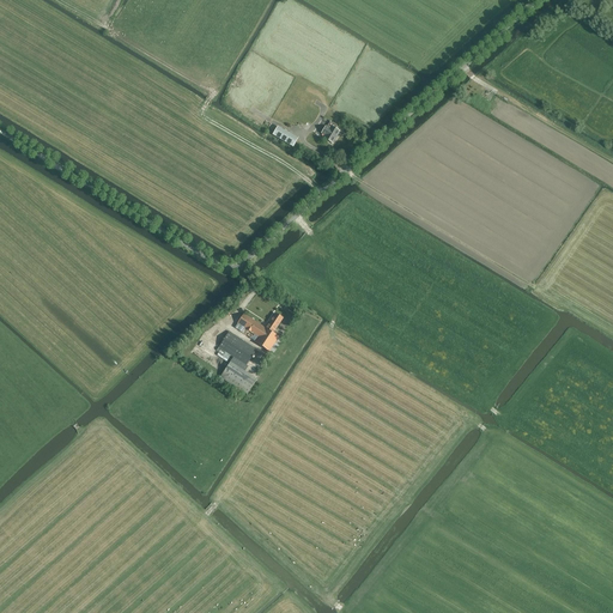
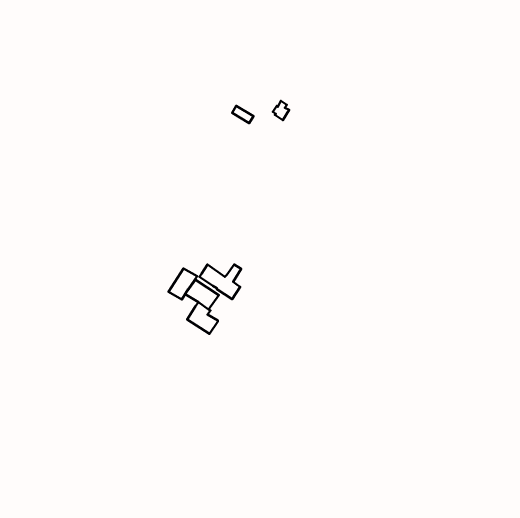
building: none -> [168,268,197,300]

